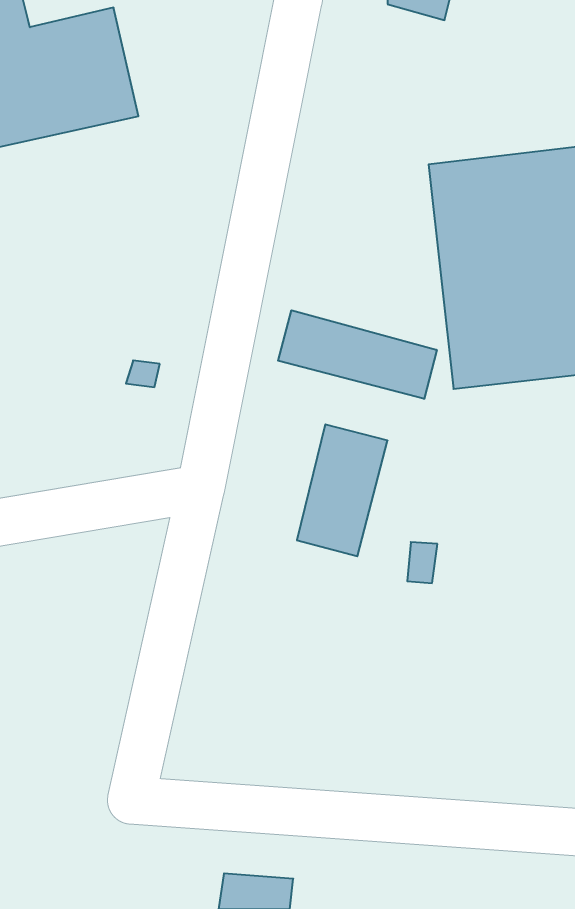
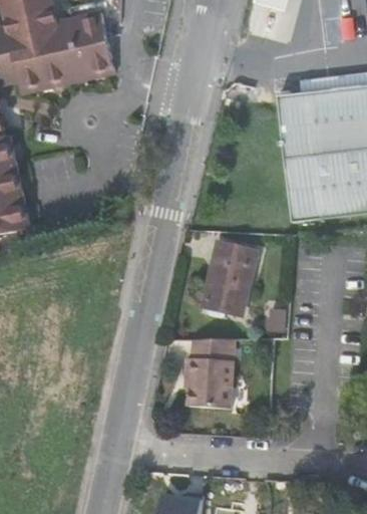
building: [278,310,437,399] -> none
building: none -> [183,337,233,407]

